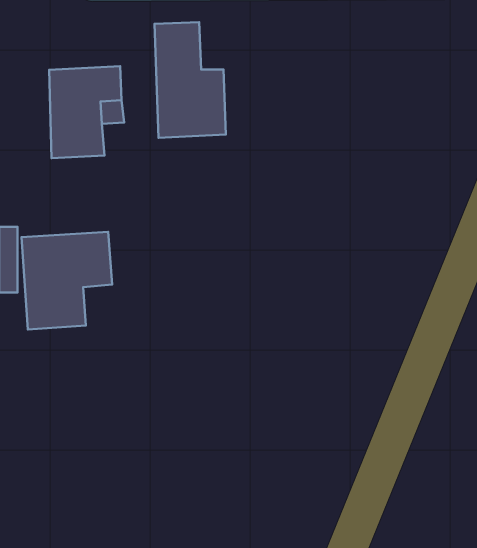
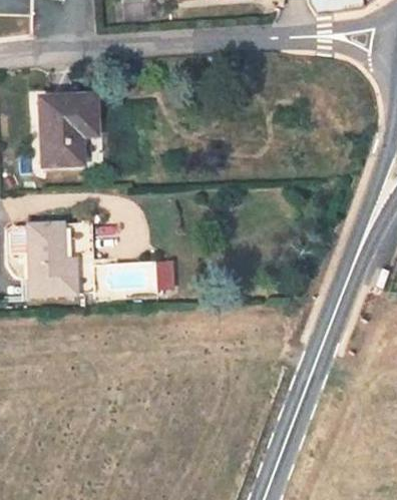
building: [154,22,226,138] -> none

